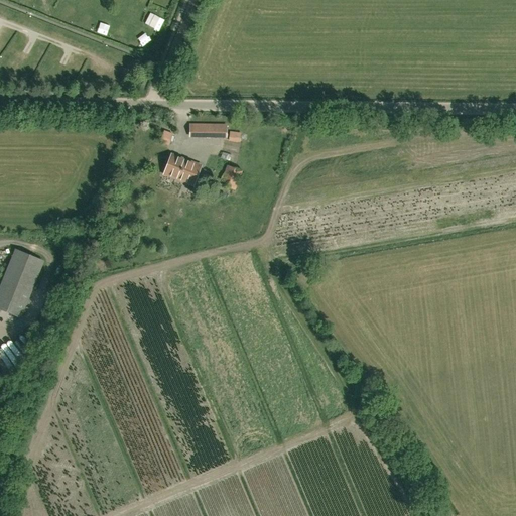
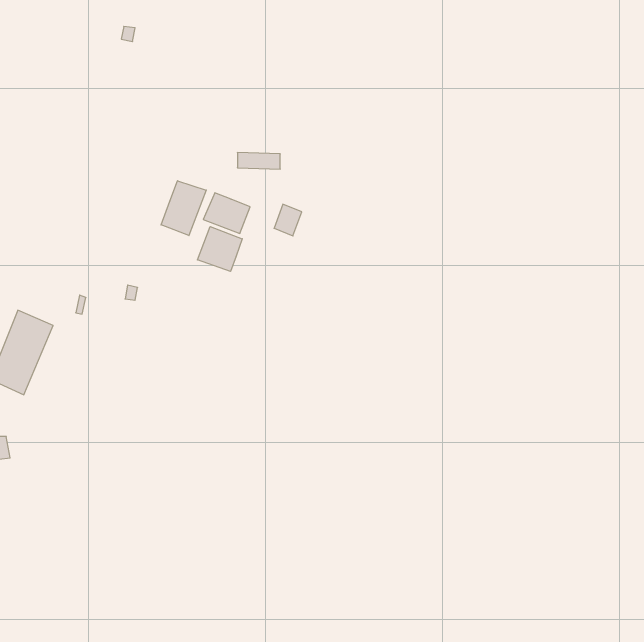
building: none -> [161,181,206,236]
building: none -> [197,227,242,271]

